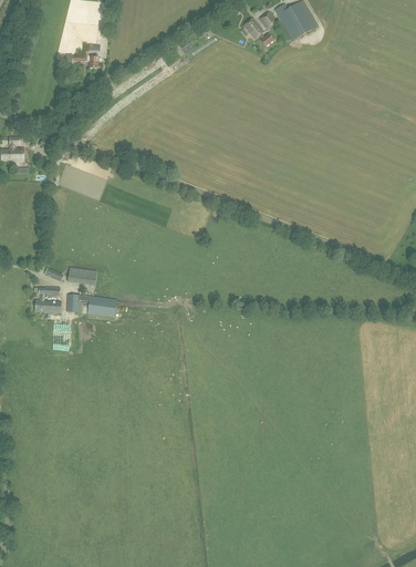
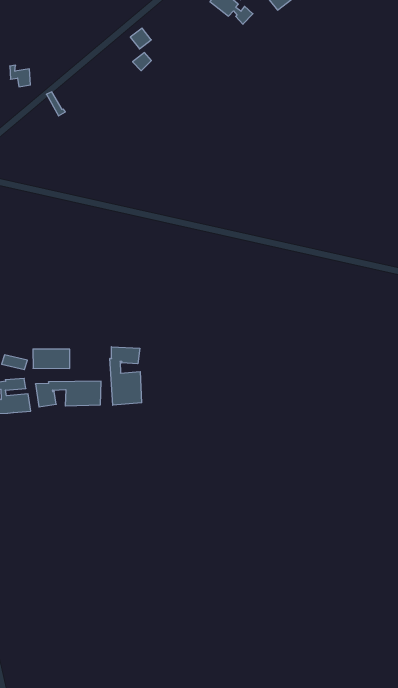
building: none -> [110,347,142,405]

